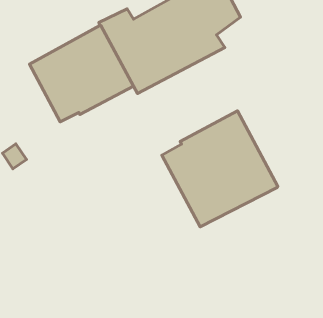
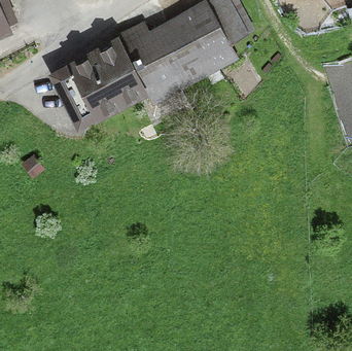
building: [162,111,278,227] -> none

